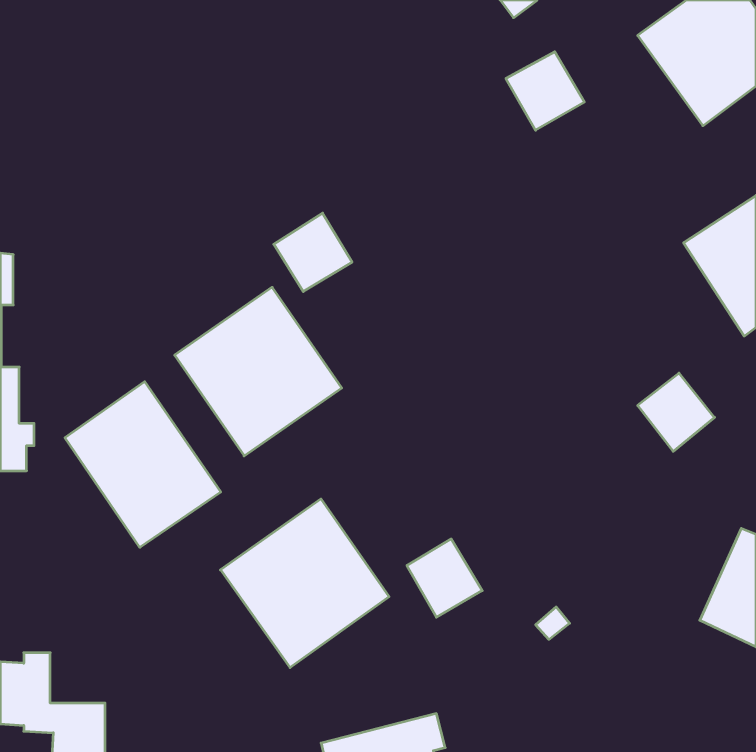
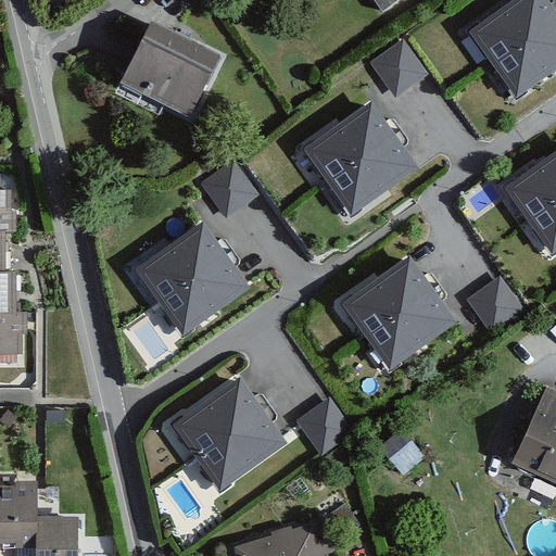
building: none -> [130,35,212,108]
building: none -> [306,100,422,216]
building: none -> [341,261,456,374]
building: [65,382,221,547] -> none

